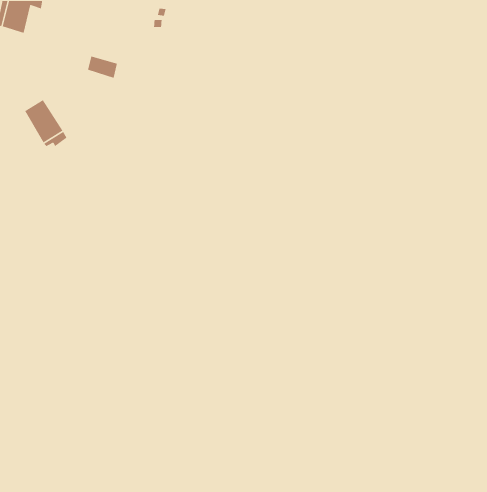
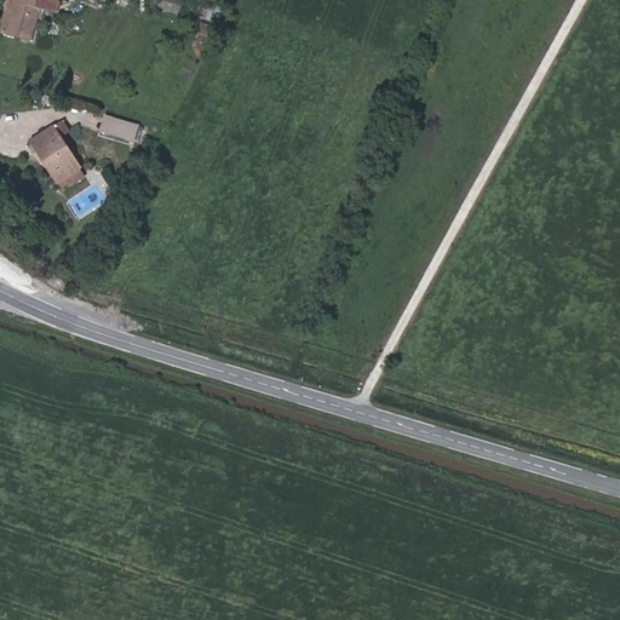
building: [87,56,118,79] -> [98,115,137,144]

